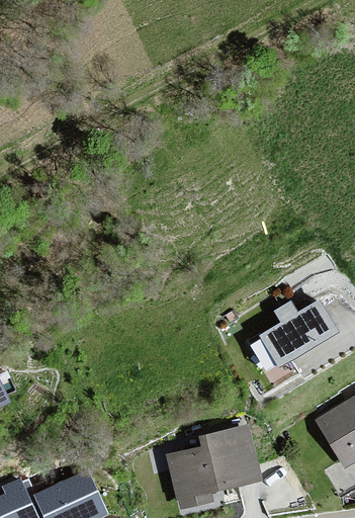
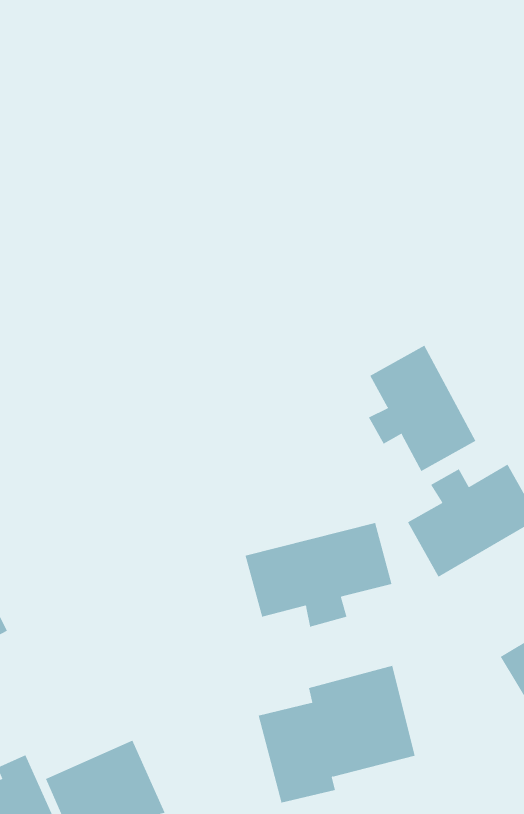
building: none -> [368,345,476,472]
building: none -> [245,522,392,627]

